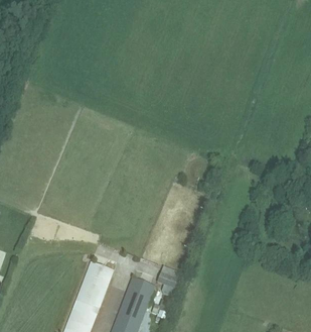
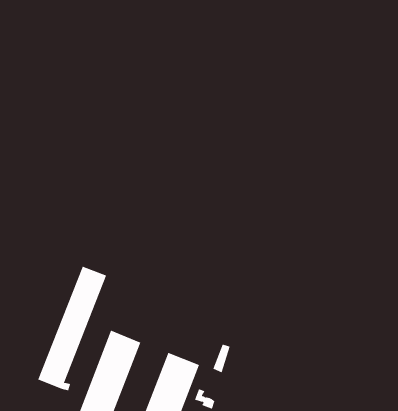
building: none -> [37,266,107,391]

